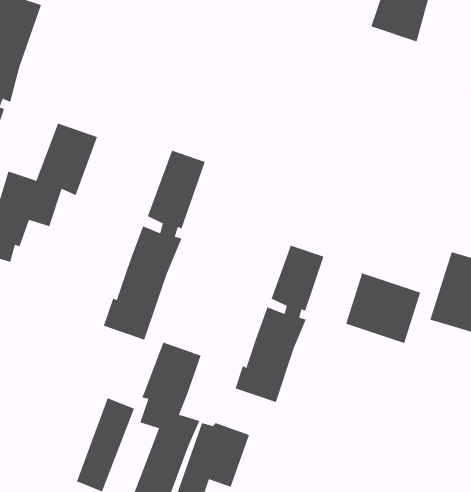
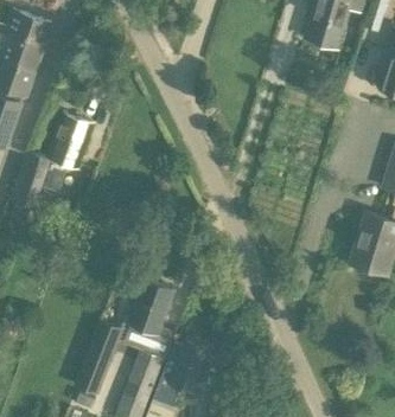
building: [103,150,205,340] -> none
building: [235,245,324,403] -> none
building: [346,273,421,344] -> none

